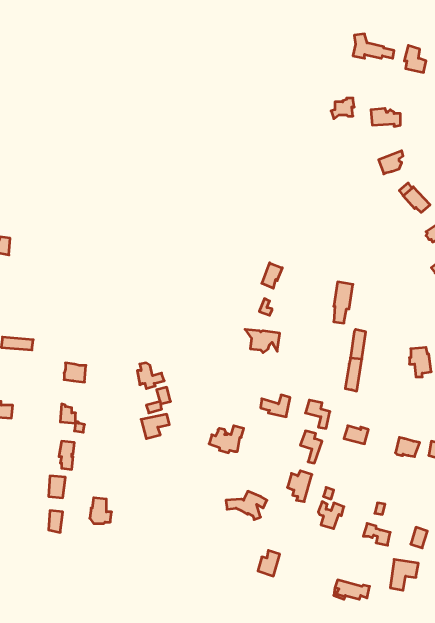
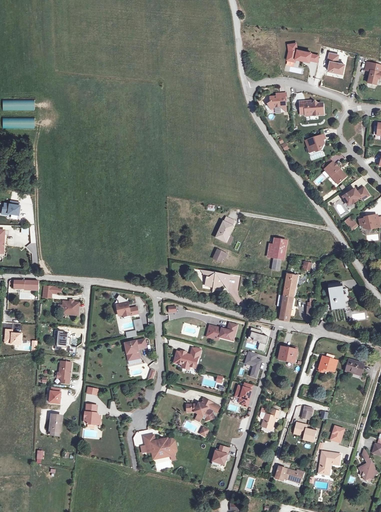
building: none -> [144,434,177,456]

